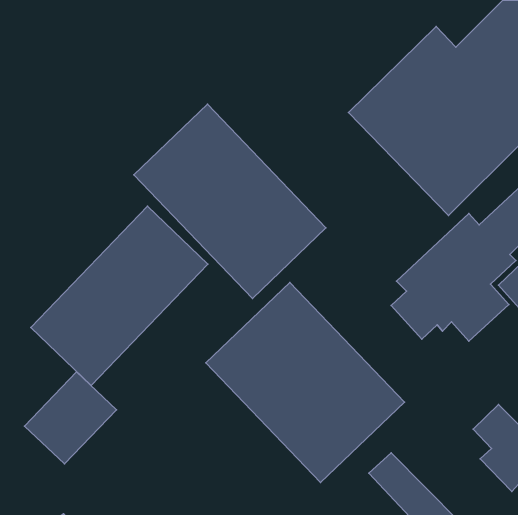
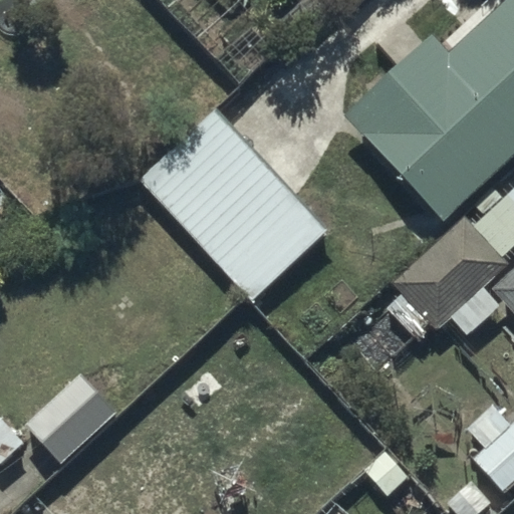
building: [31,206,208,386] -> none
building: [206,282,404,483] -> none

